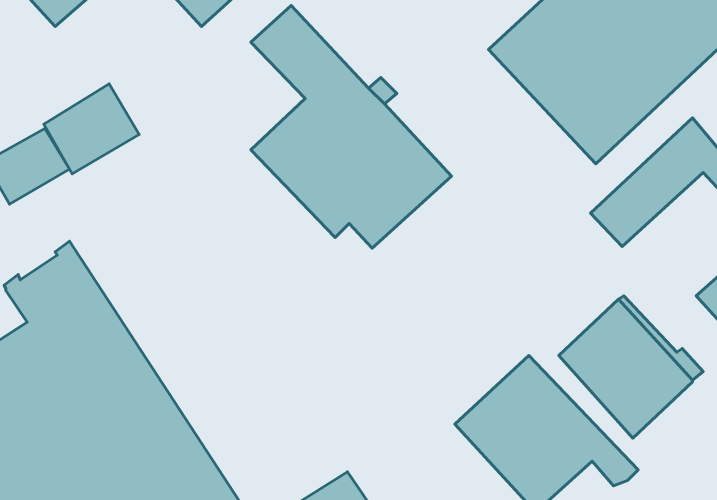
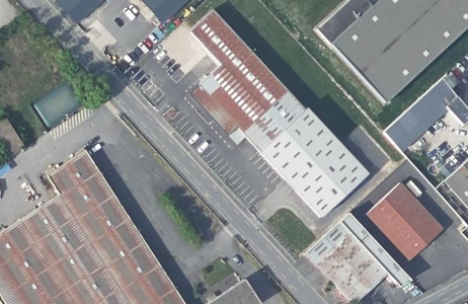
building: [44,84,139,174] -> none
building: none -> [258,108,367,218]

